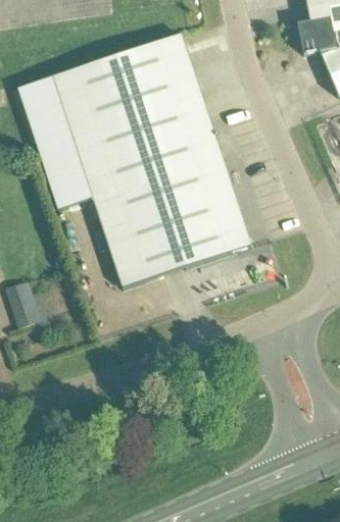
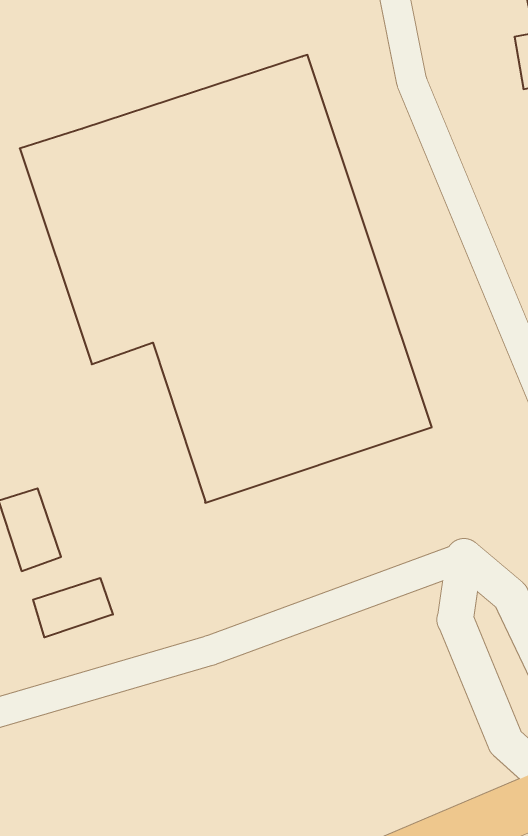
building: none -> [33,578,113,637]

